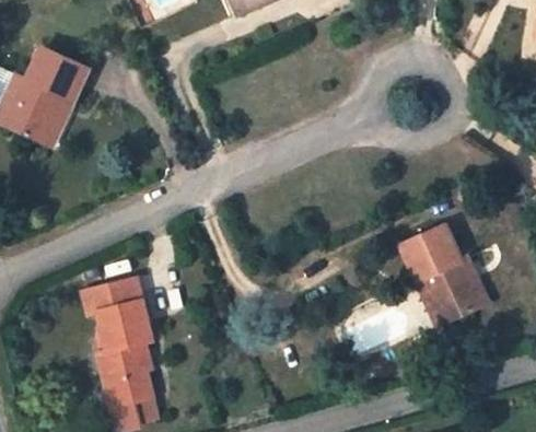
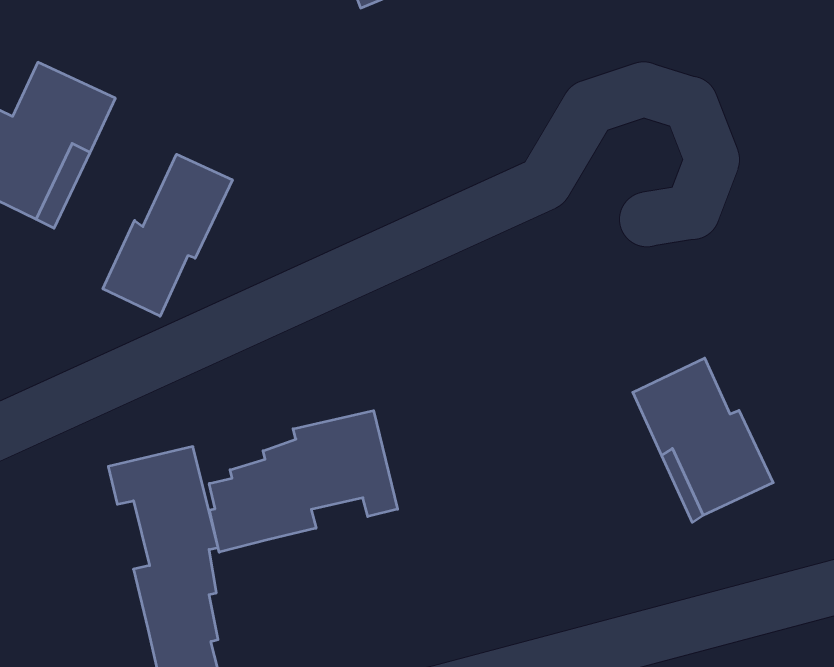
building: none -> [103,154,232,316]
building: none -> [209,411,398,552]

